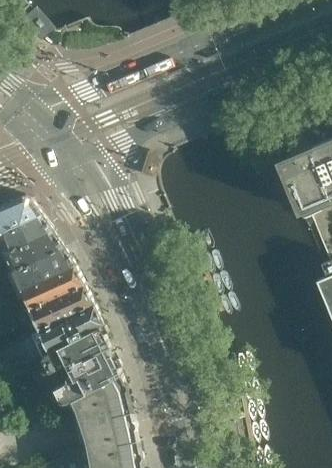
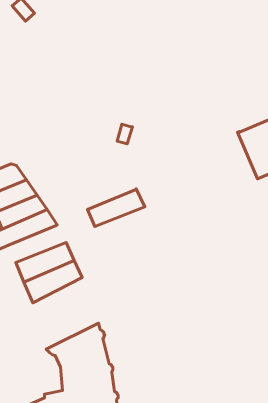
building: [22,267,86,309] -> [88,189,145,227]
building: [42,326,122,406] -> none

